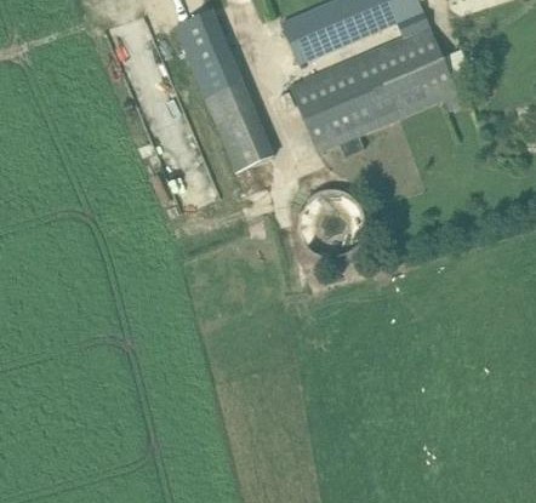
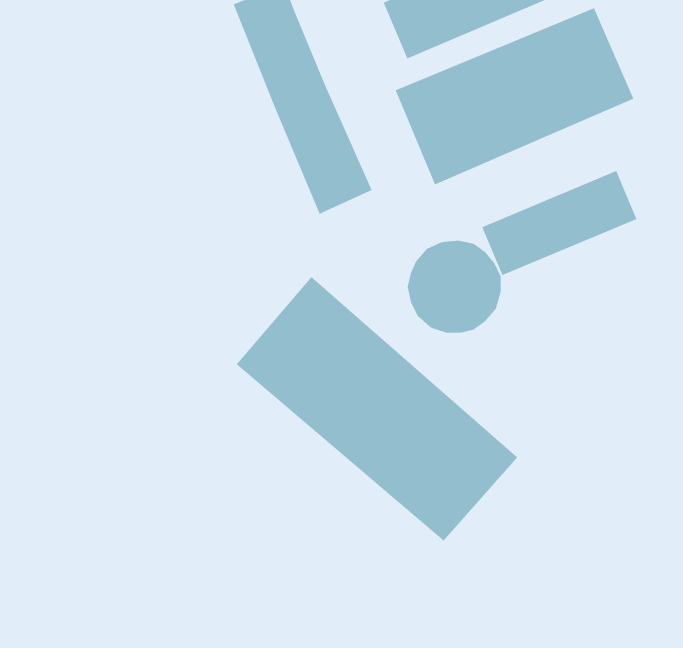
building: none -> [482,170,637,276]
building: none -> [236,276,518,542]

